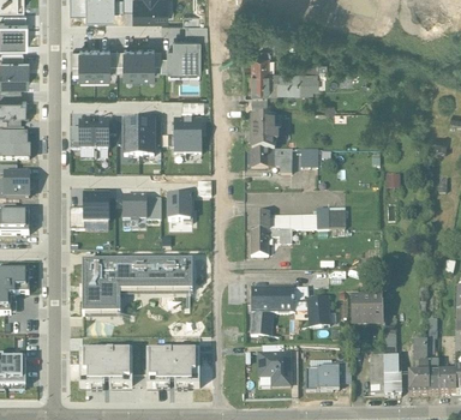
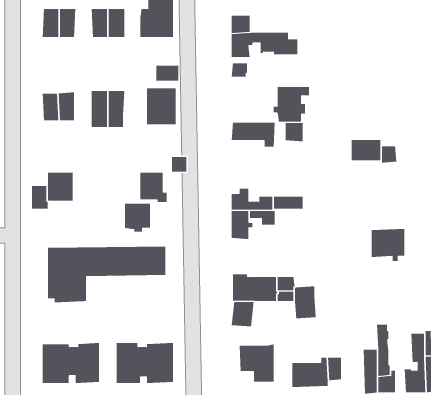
building: [247,116,281,149] -> [273,86,310,122]
building: [122,194,146,221] -> [124,203,151,232]
building: [317,209,345,228] -> [351,140,381,161]
building: [352,296,383,326] -> [371,229,405,262]

